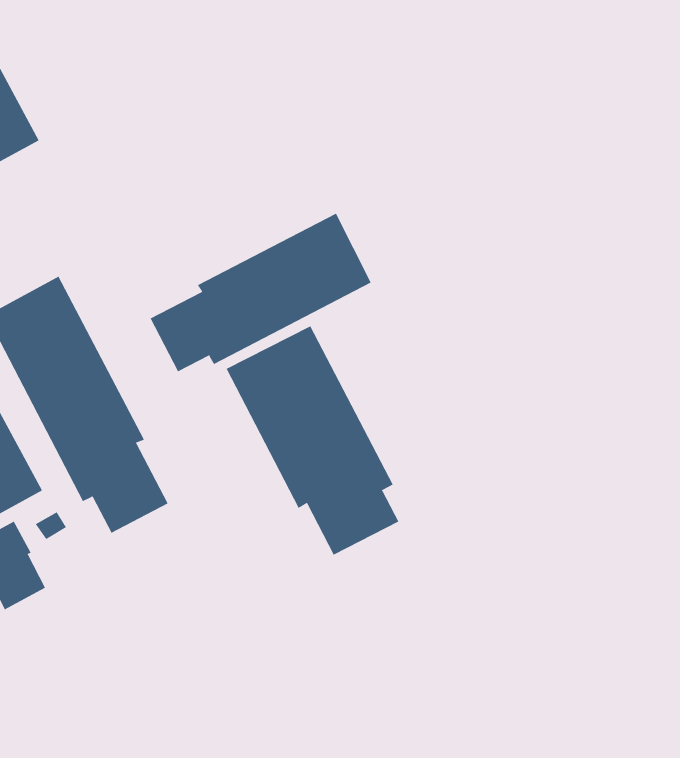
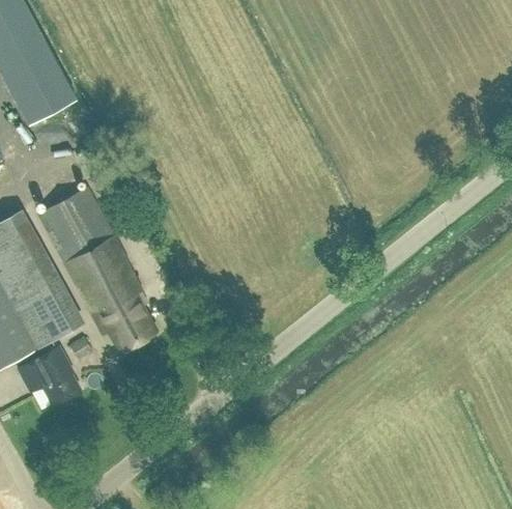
building: [150,213,371,372] -> none
building: [226,326,399,556] -> none

